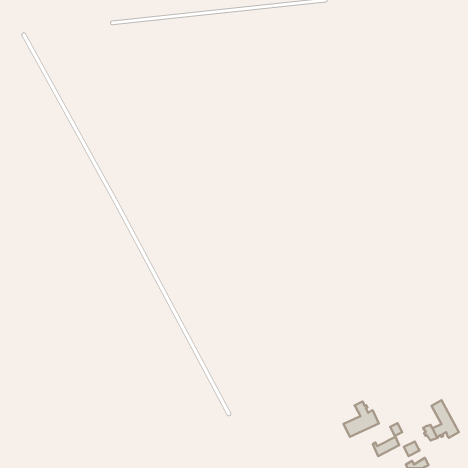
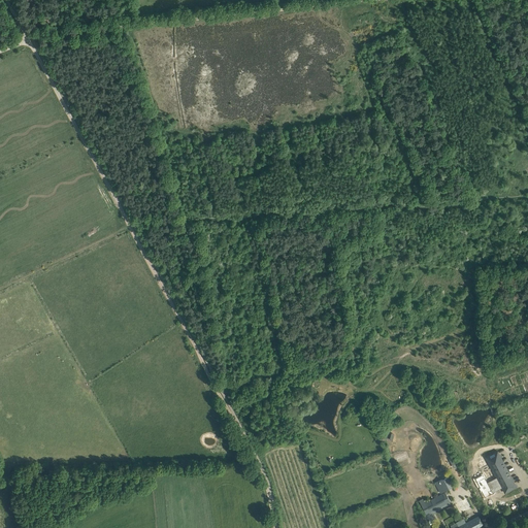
building: [344,401,379,437] -> none

